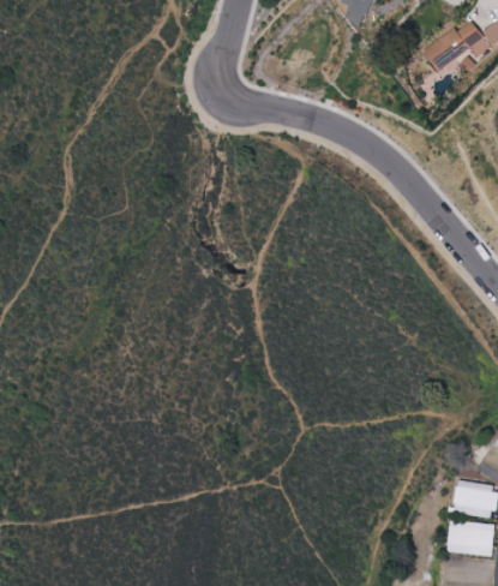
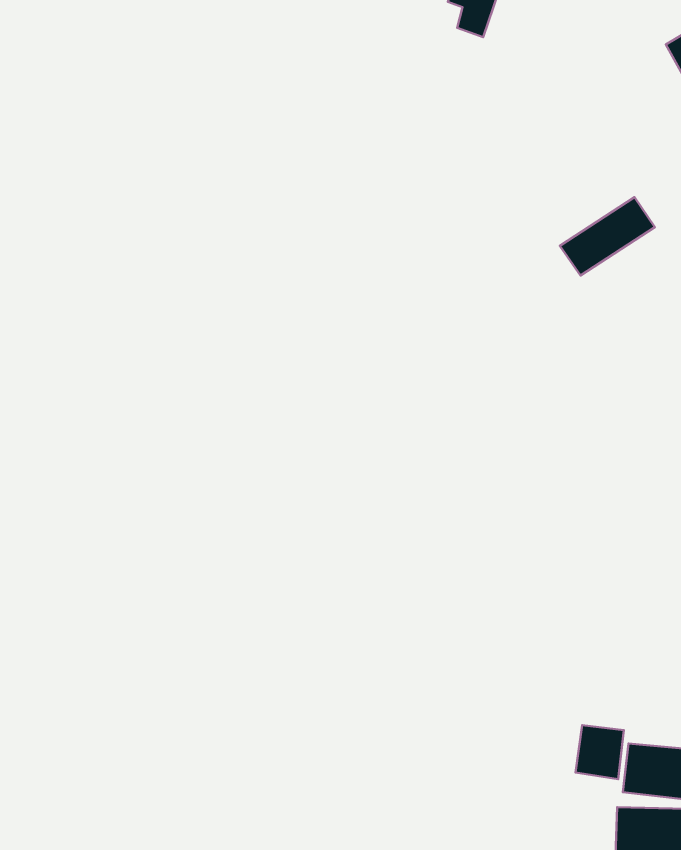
building: [422,20,484,71] -> [560,197,655,276]
building: none -> [575,725,624,779]

